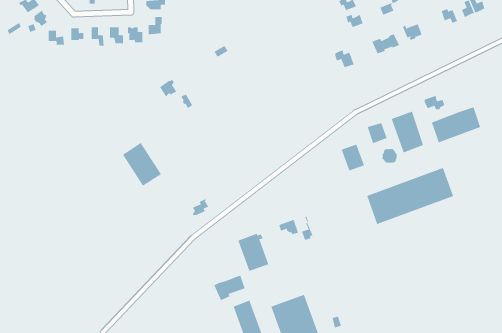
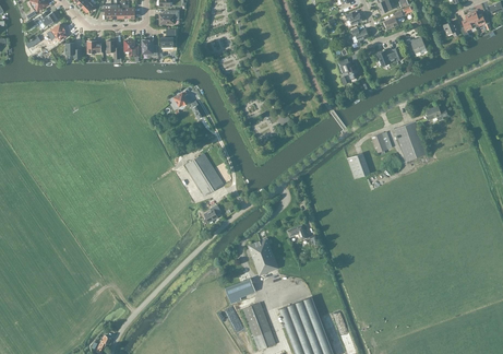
building: [431,106,481,143] -> none
building: [122,142,162,187] -> [185,152,224,194]
building: [366,167,454,225] -> none

